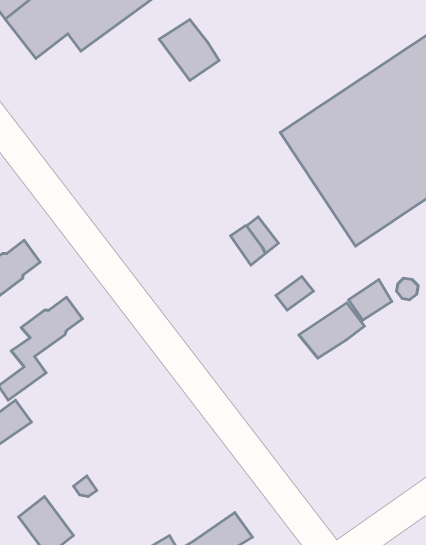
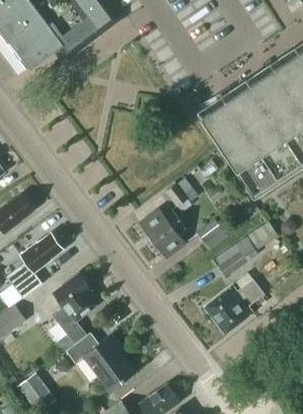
building: [159,20,219,80] -> none
building: none -> [140,208,187,257]
building: none -> [52,273,96,334]
building: none -> [206,279,263,332]
building: none -> [65,332,135,390]

